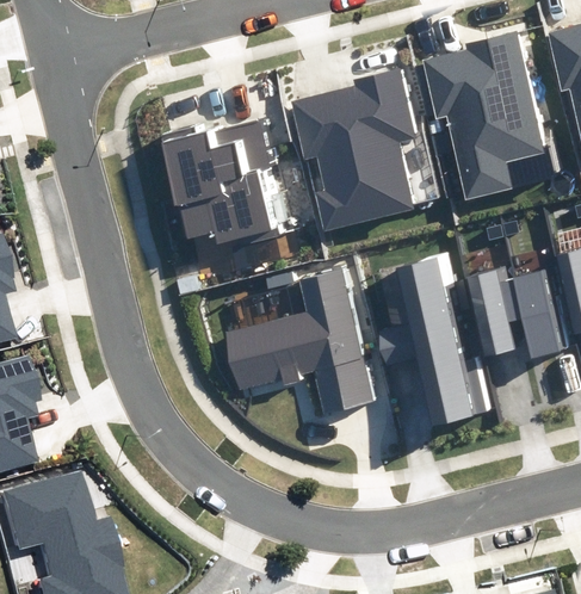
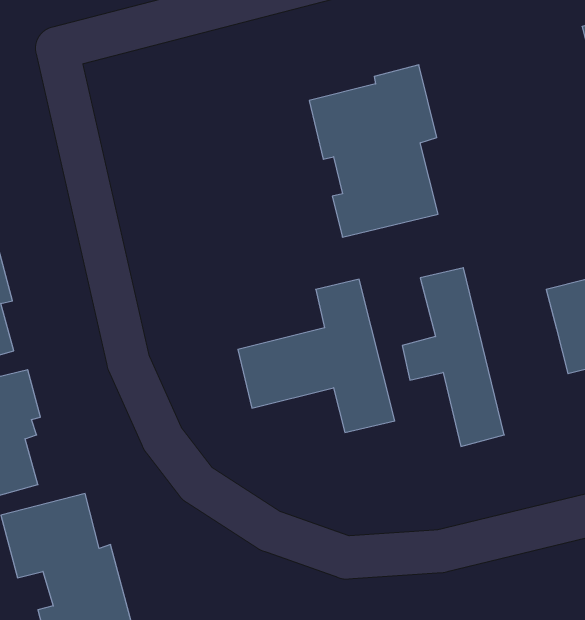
building: [422,32,542,199] -> none
building: [165,120,279,248] -> none
building: [470,267,524,357] -> none

